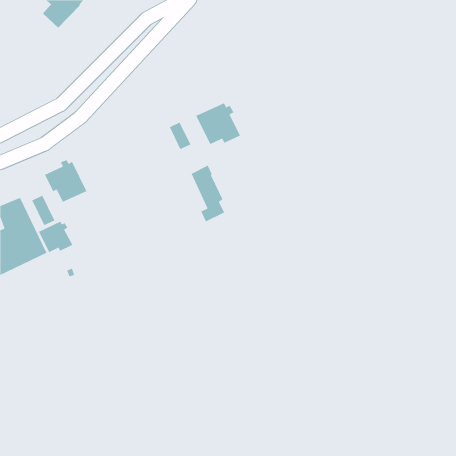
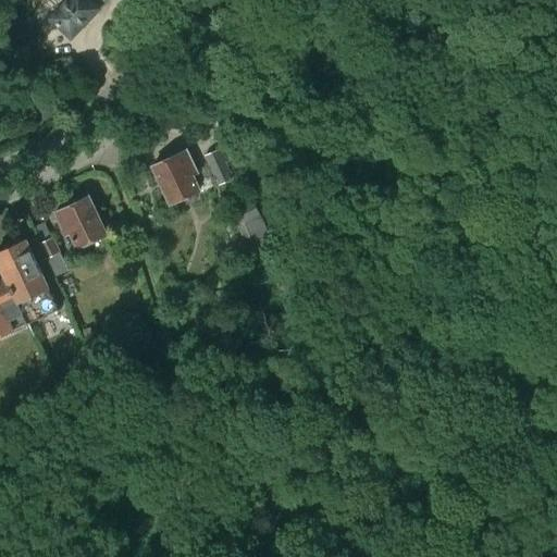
building: [195,102,241,145] -> none
building: none -> [152,149,199,202]
building: [38,220,73,253] -> none

